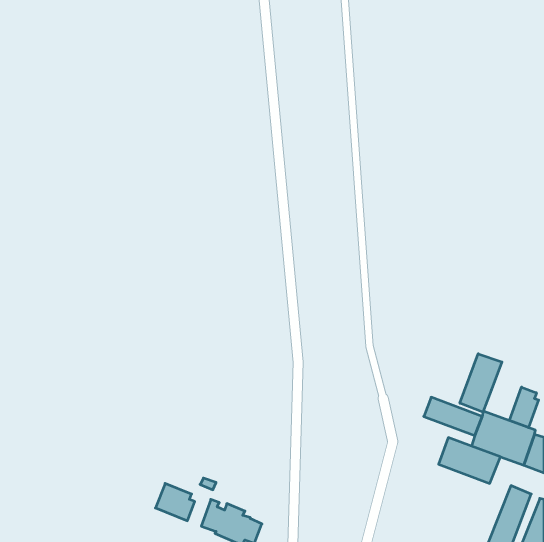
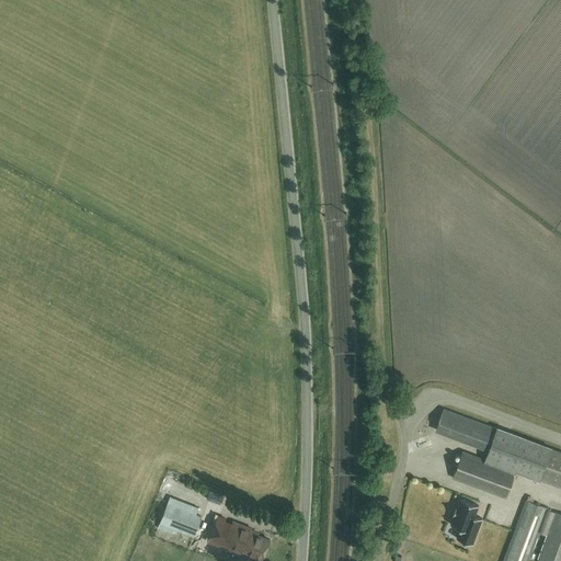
building: [460,354,502,412] -> none
building: [509,387,539,428] -> none
building: none -> [450,501,482,546]

